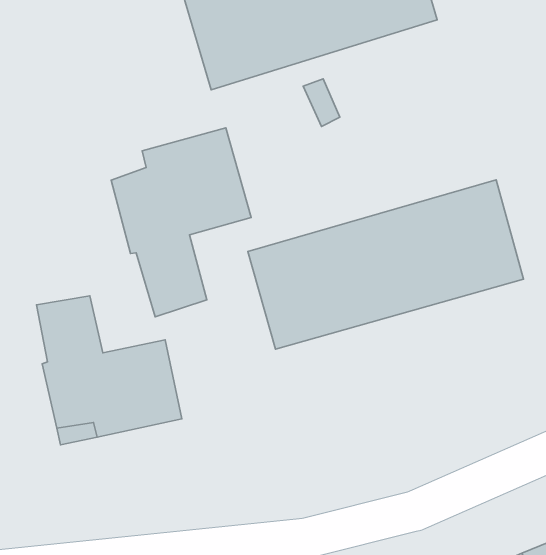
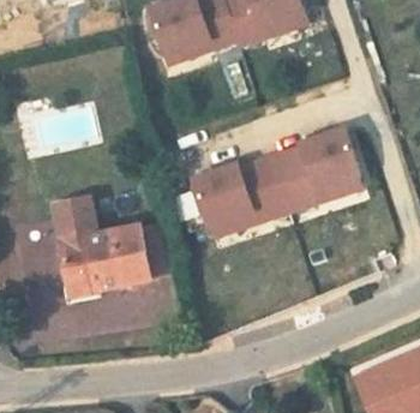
building: [111,128,251,317] -> none

